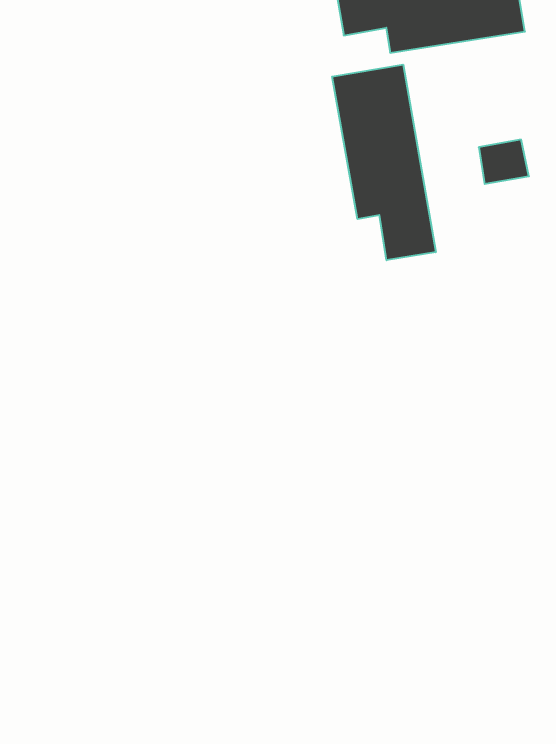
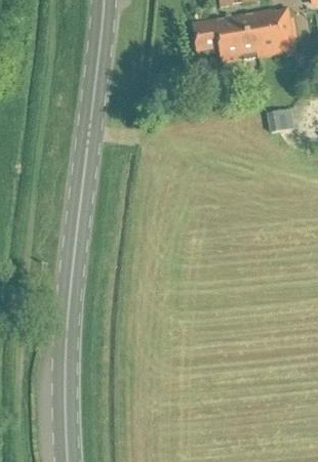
building: [332,65,436,260] -> none

